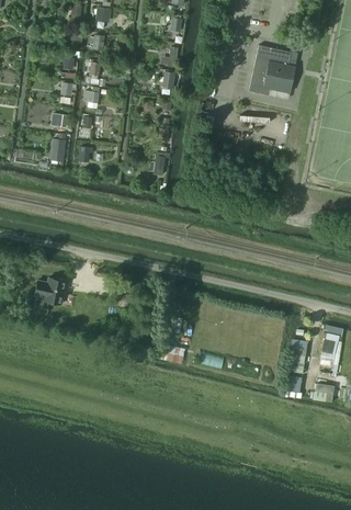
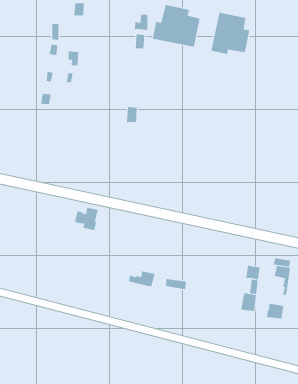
building: none -> [152,4,200,48]
building: [34,276,63,304] -> [74,207,99,231]

